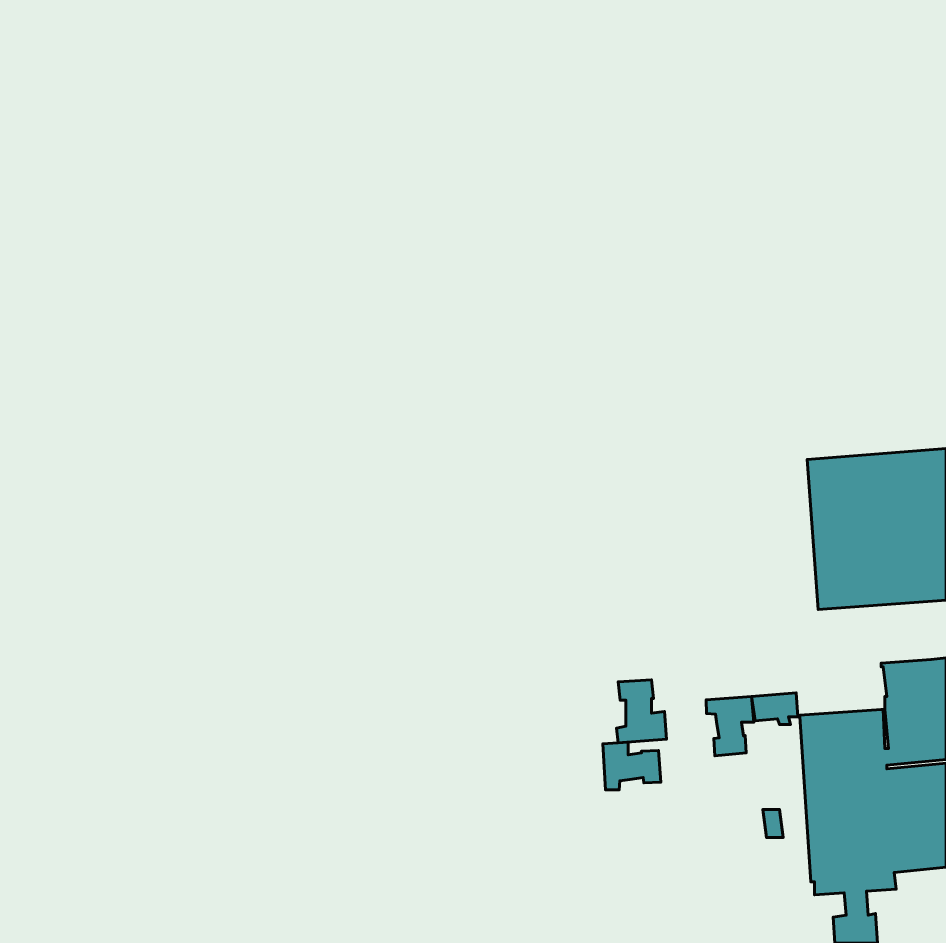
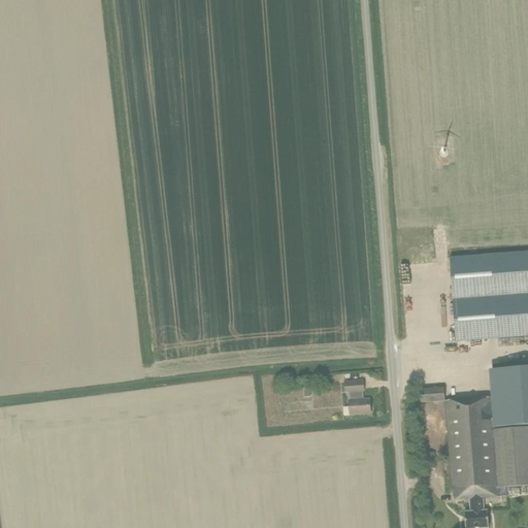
building: [706,697,754,756] -> none
building: [603,742,661,790] -> none

